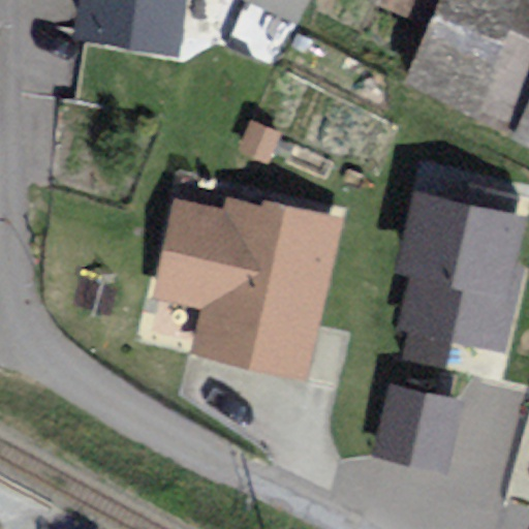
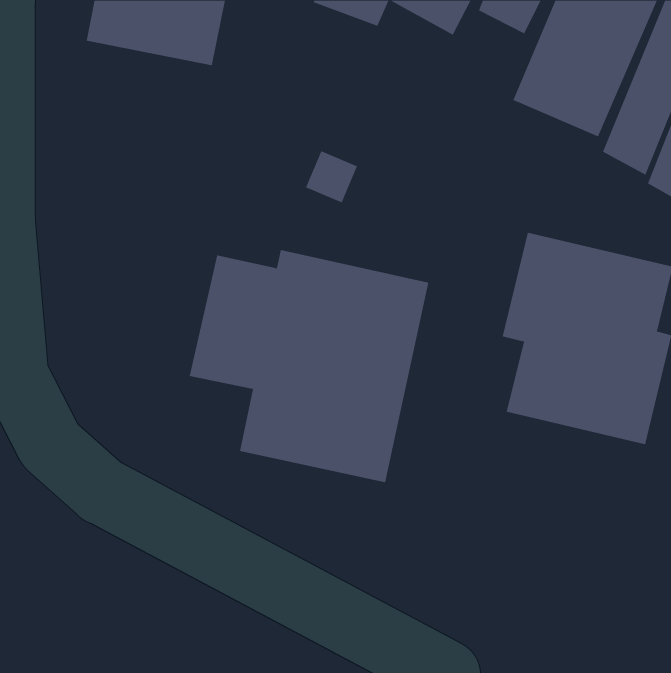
building: [376,380,466,470] -> none

